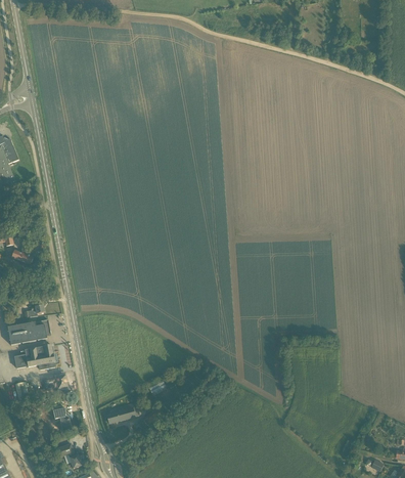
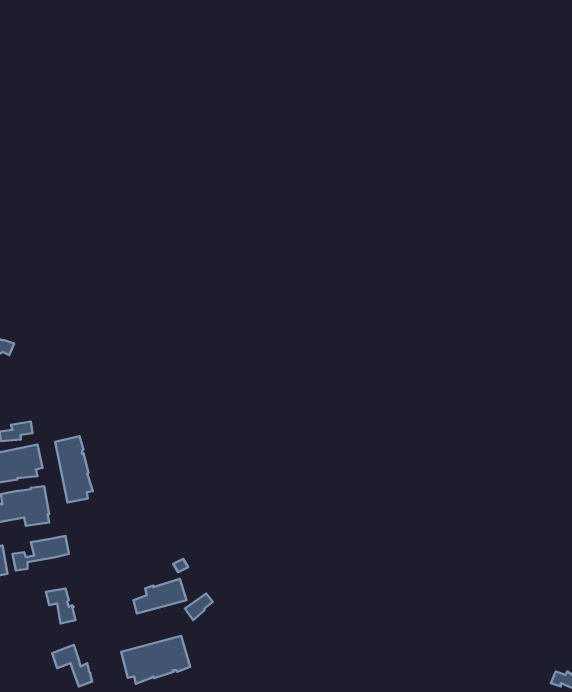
building: none -> [55,436,93,503]
building: none -> [121,636,190,684]

